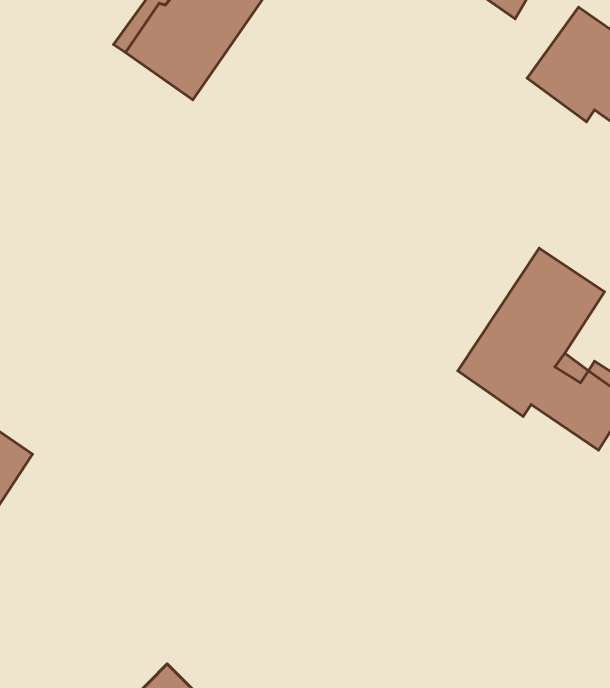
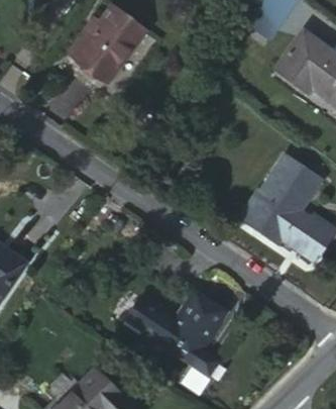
building: none -> [125,290,227,376]

